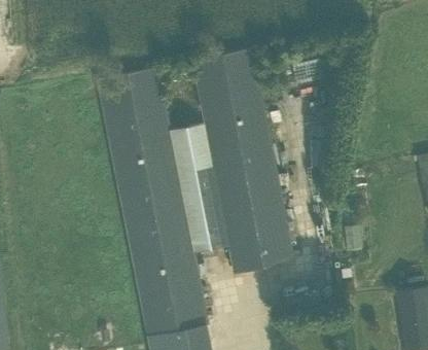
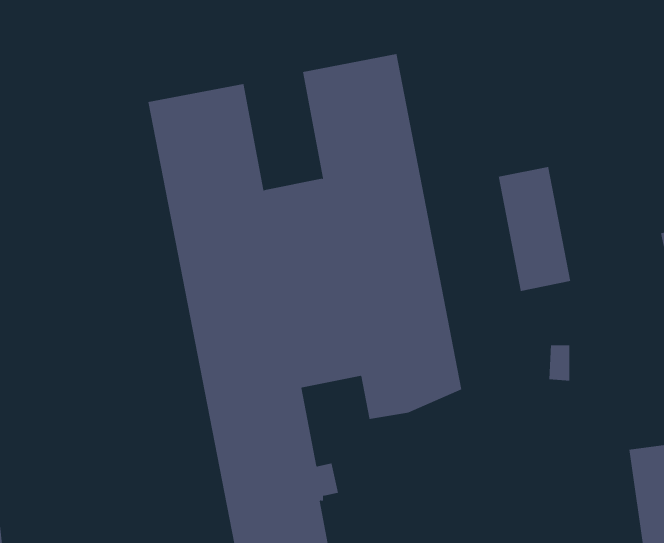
building: none -> [498,166,571,292]

